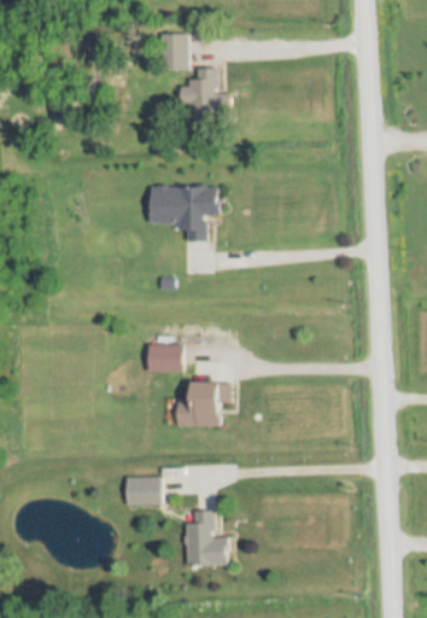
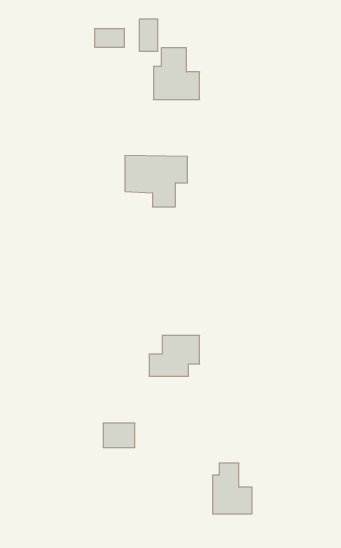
building: none -> [95,28,124,47]
building: [146,345,182,373] -> none
building: [185,511,228,566] -> [213,463,252,514]

